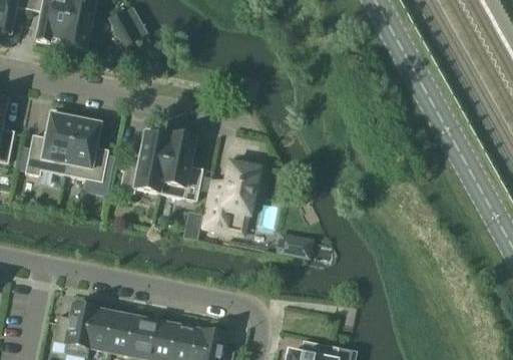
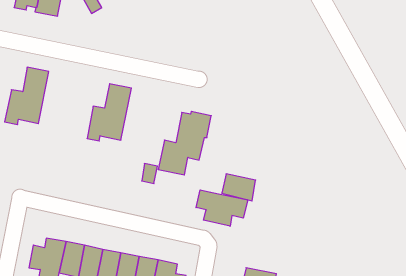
building: [65,113,109,182] -> none
building: [160,132,204,200] -> none
building: none -> [196,190,248,226]

